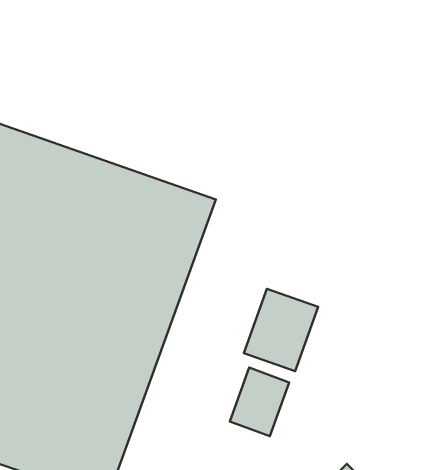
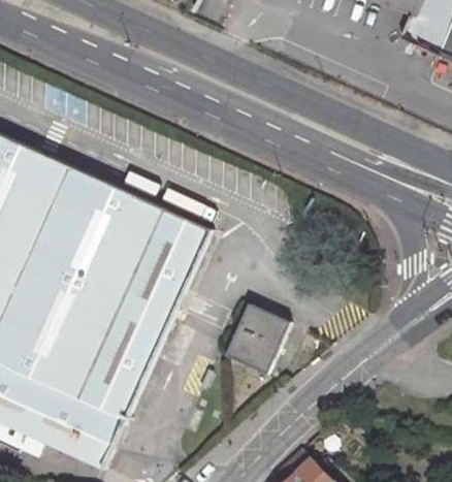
building: [230,368,289,436] -> none

